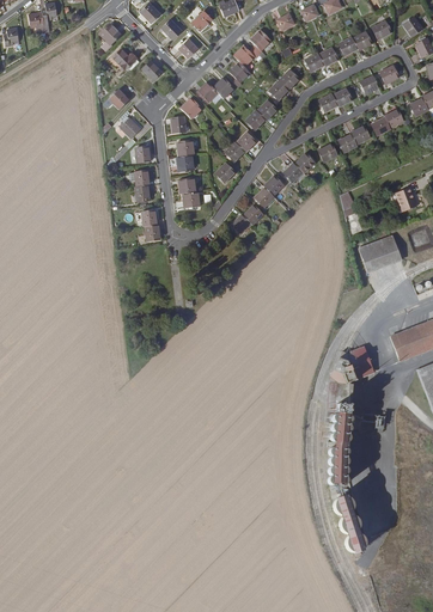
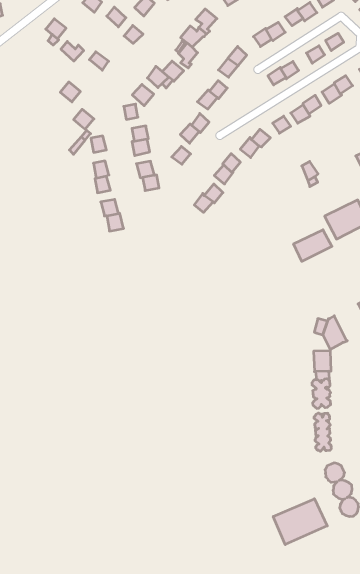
building: none -> [294,230,332,261]
building: none -> [273,499,327,545]

